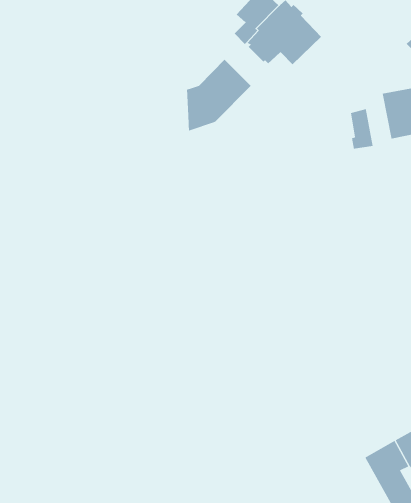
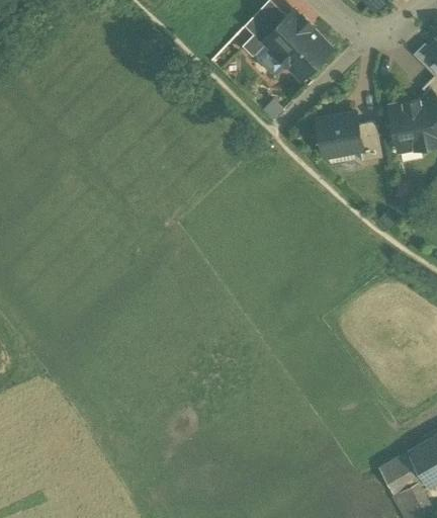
building: [186,59,252,131] -> none
building: none -> [320,113,365,157]

